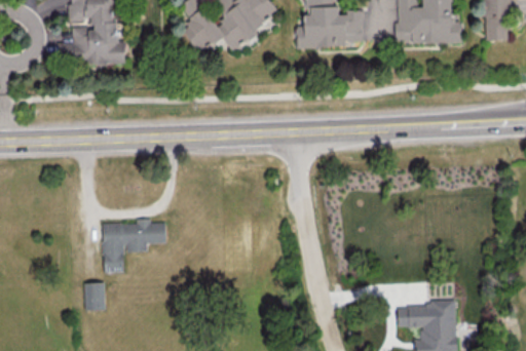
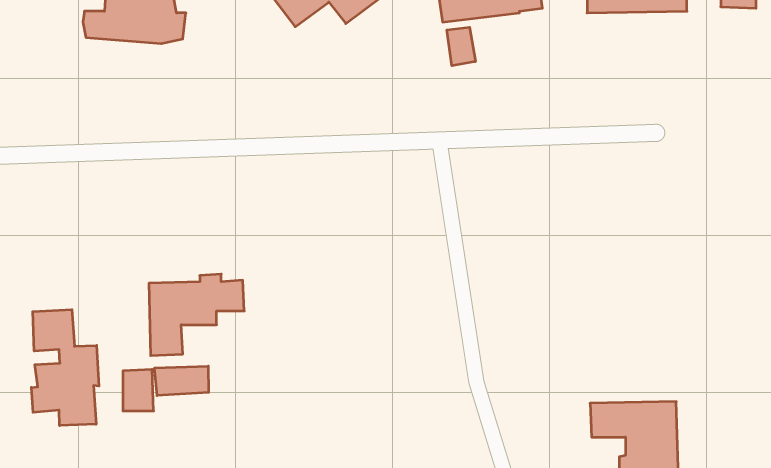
building: none -> [447,27,475,66]
building: none -> [31,310,99,426]
building: none -> [155,366,209,396]

